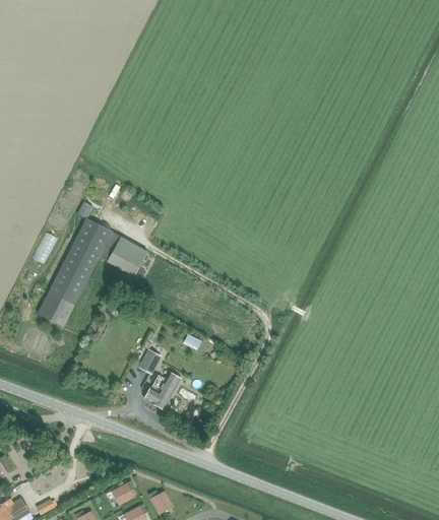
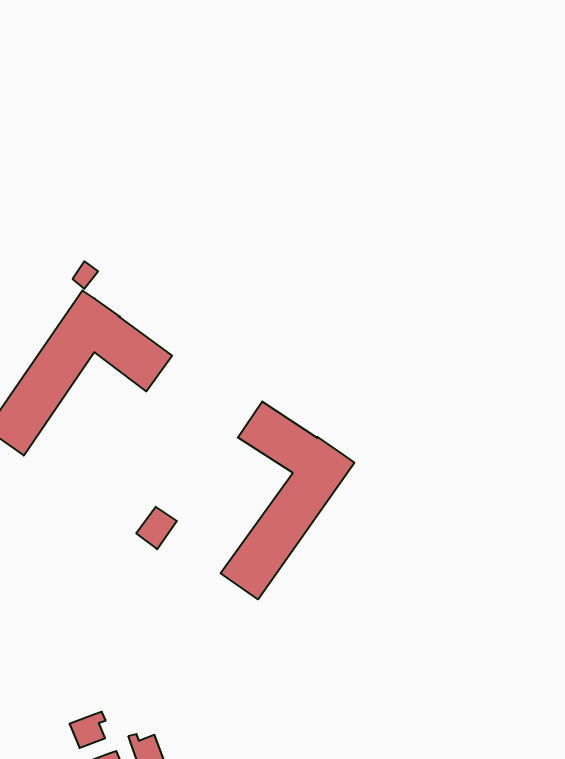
building: none -> [221,401,354,599]
building: [144,372,180,409] -> none

